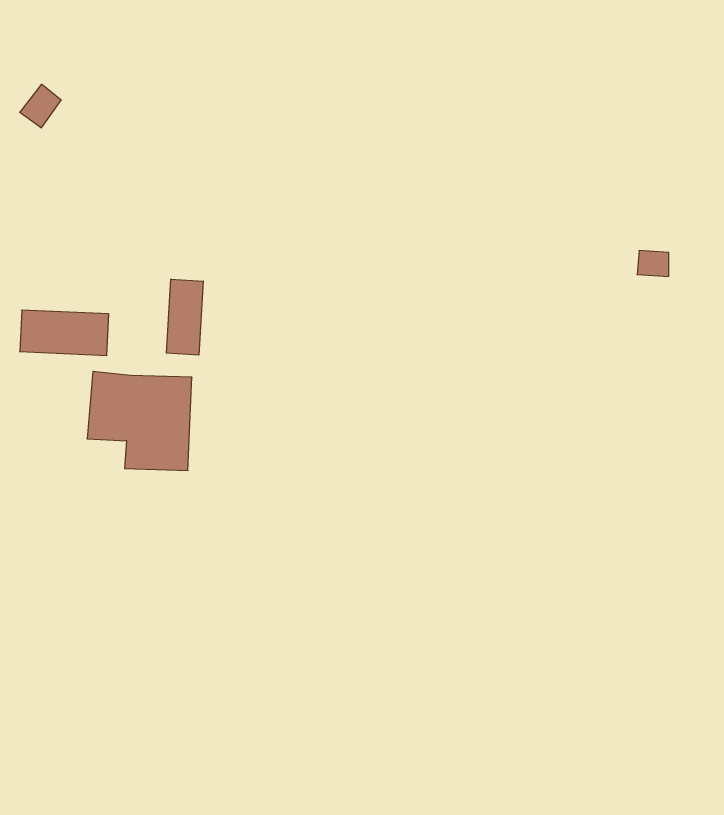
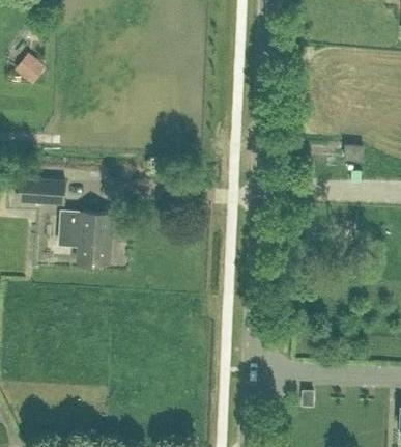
building: [166,279,203,355] -> none

